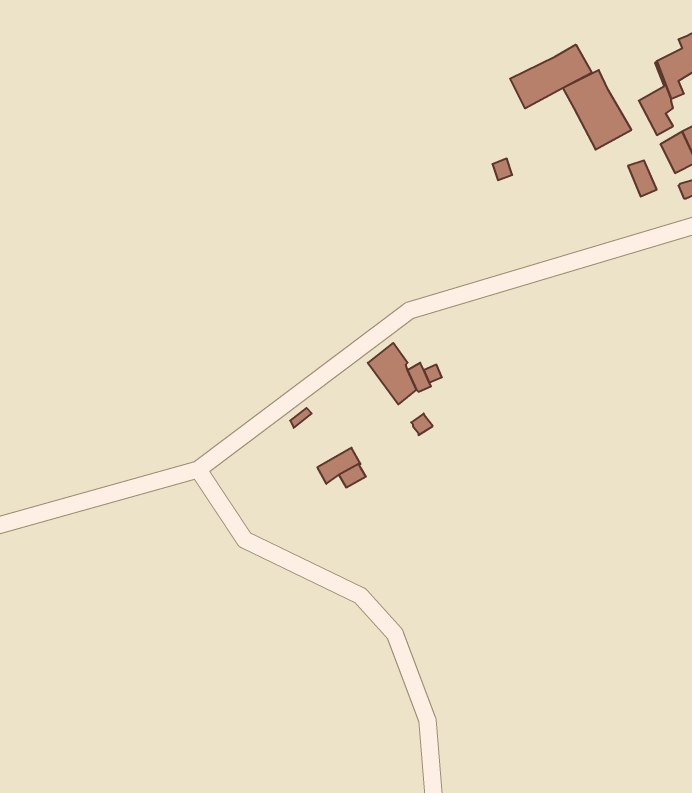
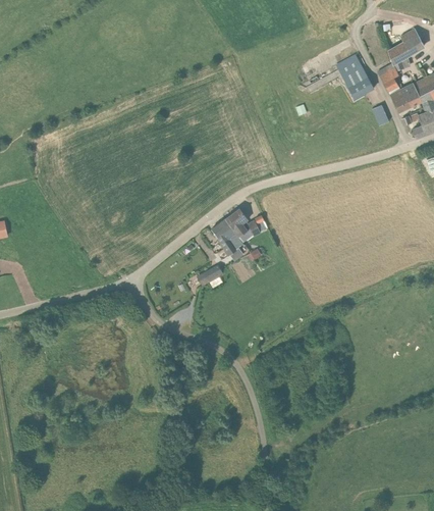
building: [510,45,592,108] -> none
building: none -> [211,218,243,258]

